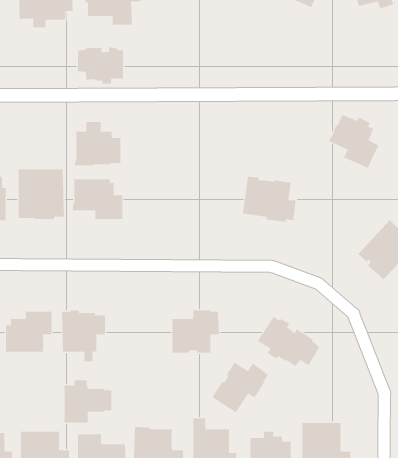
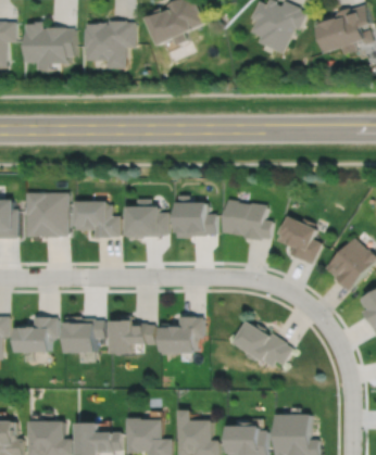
building: [77,47,123,85] -> none
building: [328,114,379,169] -> [275,215,319,263]
building: [74,121,121,166] -> [126,198,167,237]
building: none -> [177,194,215,237]
building: [211,362,269,413] -> none
building: [64,380,112,423] -> [111,316,153,354]

